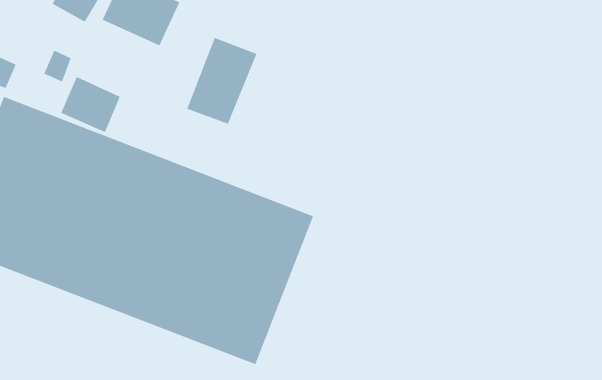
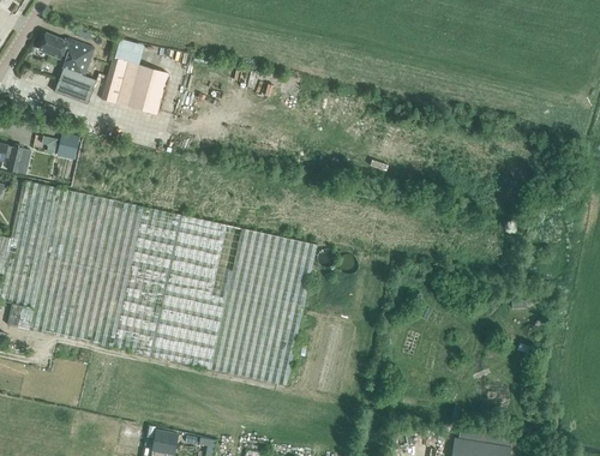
building: [187,37,257,125] -> none
building: [60,76,121,133] -> none

